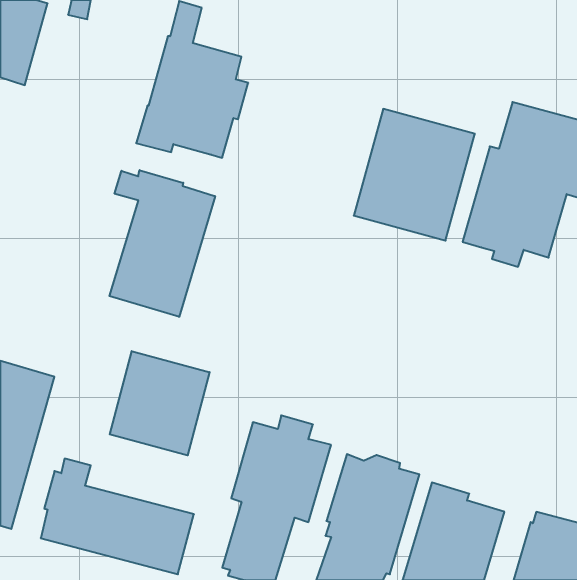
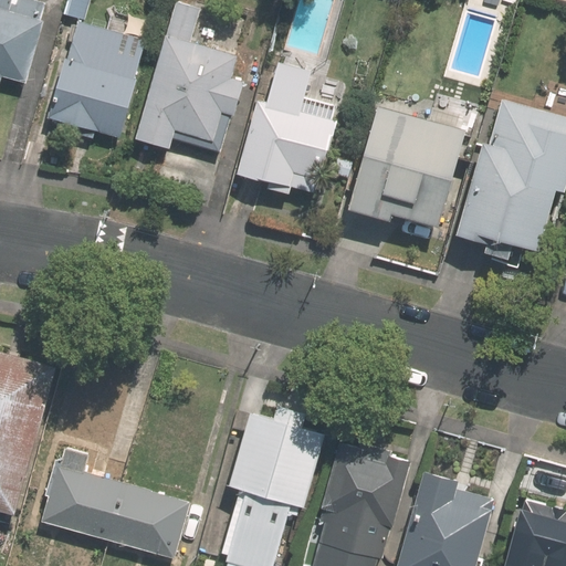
building: none -> [48,20,147,138]
building: none -> [235,62,336,195]
building: [109,170,215,317] -> none
building: [110,351,210,455] -> none

